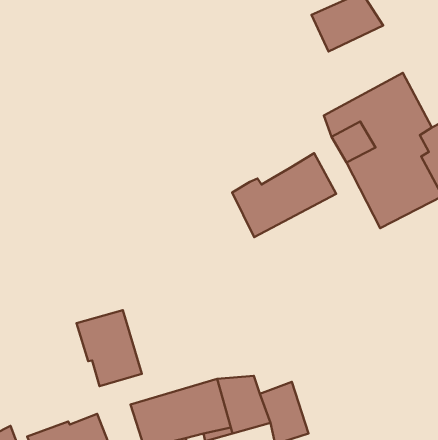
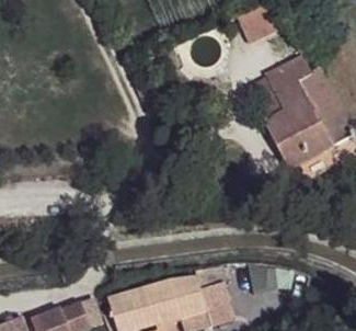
building: [232,153,336,237] -> none
building: [77,310,142,386] -> none

